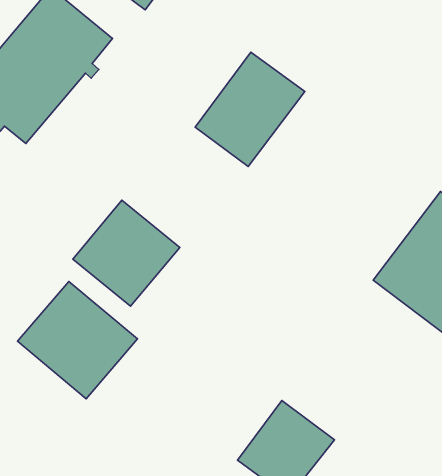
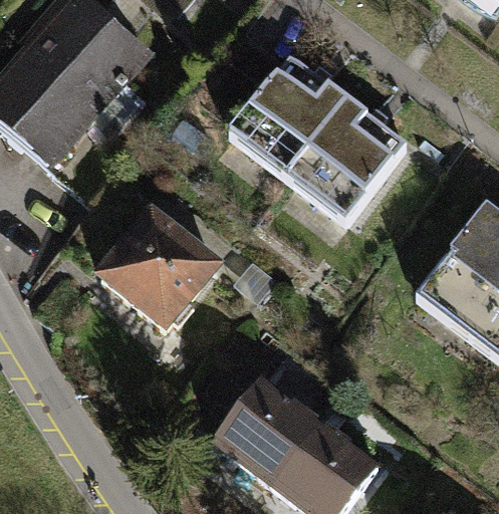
building: none -> [285,101,403,223]
building: [17,282,137,399] -> none
building: none -> [218,349,344,486]

